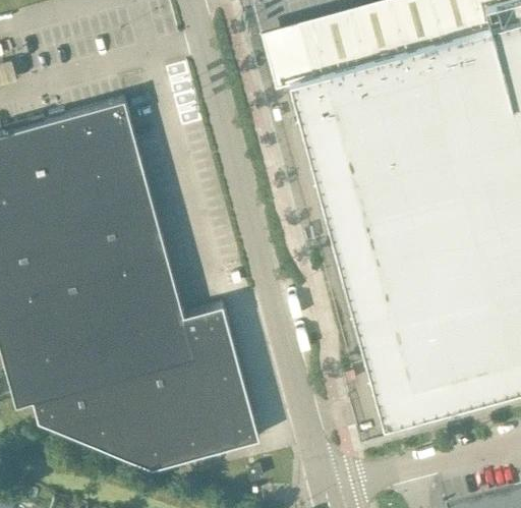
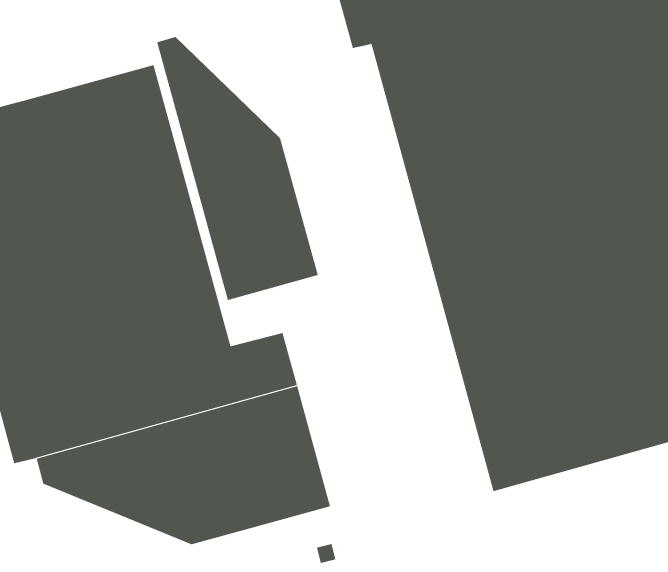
building: none -> [157,36,319,301]

